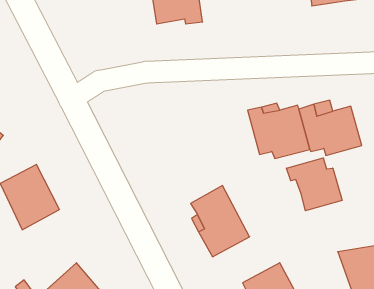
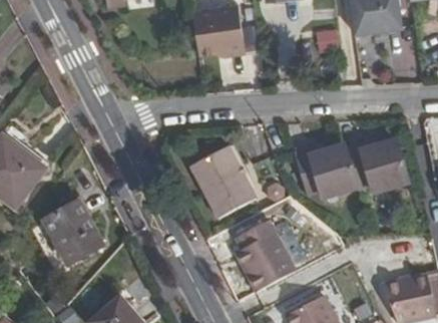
building: none -> [189,143,257,216]
building: [287,158,342,211] -> none

